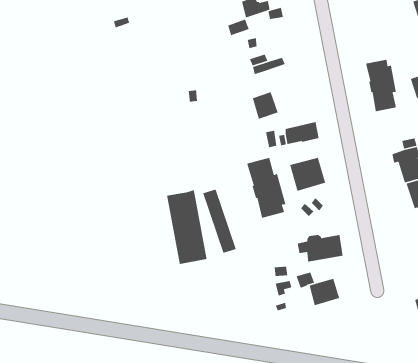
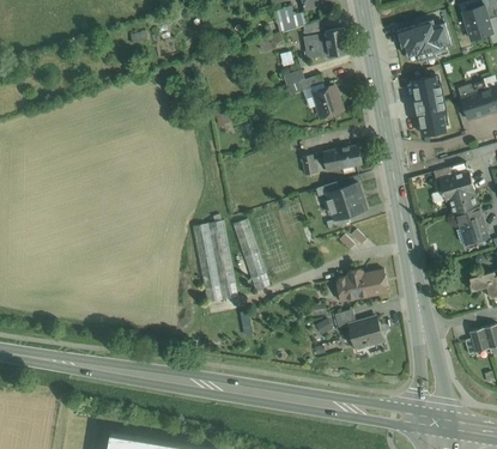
building: none -> [395,20,451,62]
building: none -> [303,29,347,60]
building: [252,91,279,120] -> [313,86,343,117]
building: [246,157,287,219] -> none

